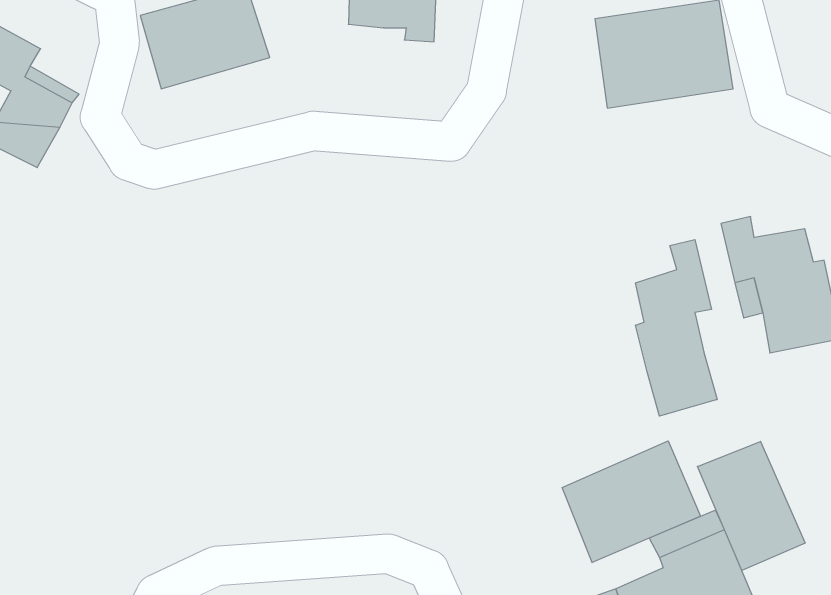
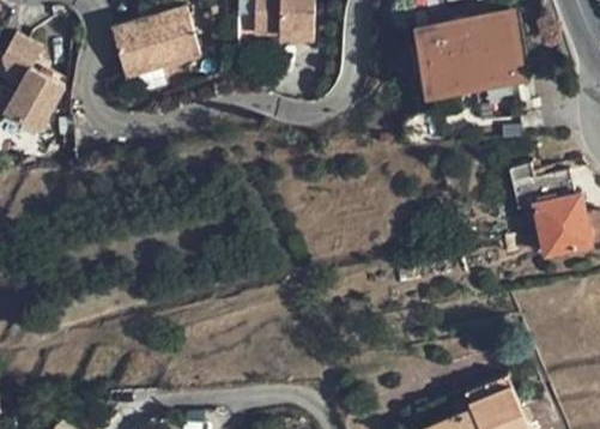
building: [636,240,717,416] -> none
building: [562,441,701,563] -> none
building: [697,441,805,570] -> none

